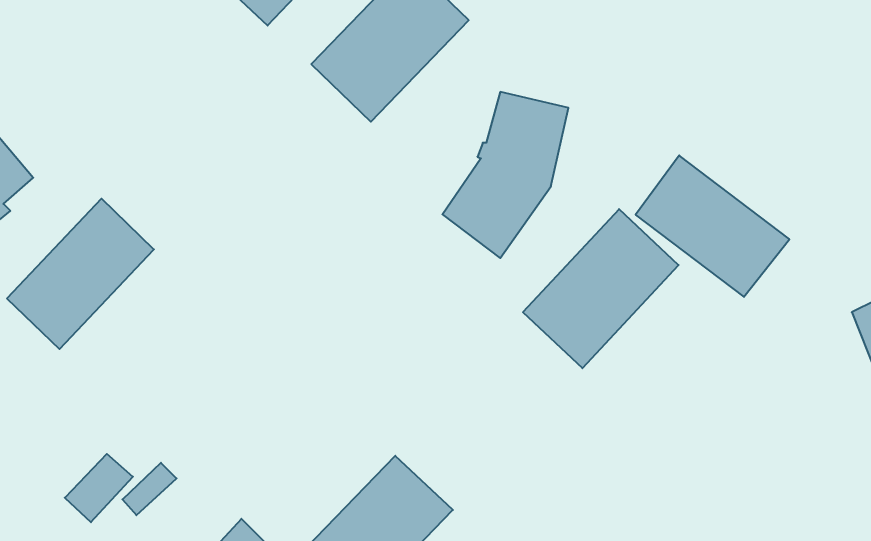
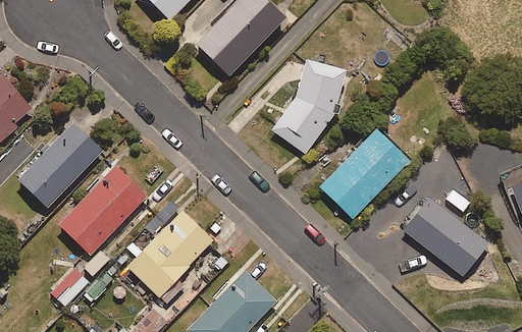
building: [636,155,789,297] -> [401,195,490,277]
building: none -> [57,164,148,256]
building: none -> [126,209,214,297]

